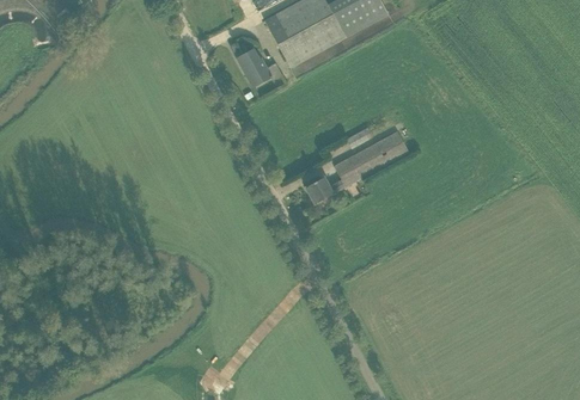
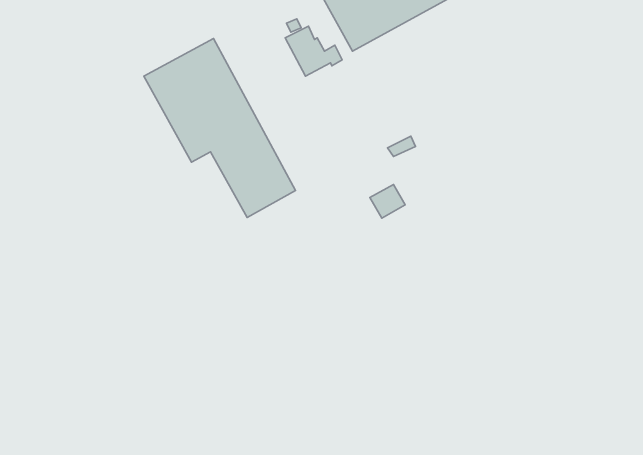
building: none -> [144,38,295,217]
building: [335,130,410,185] -> none

